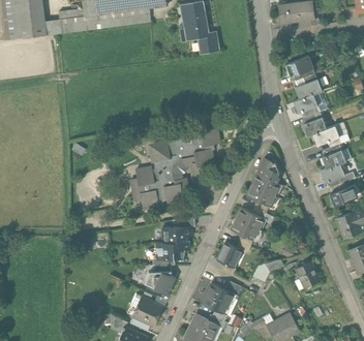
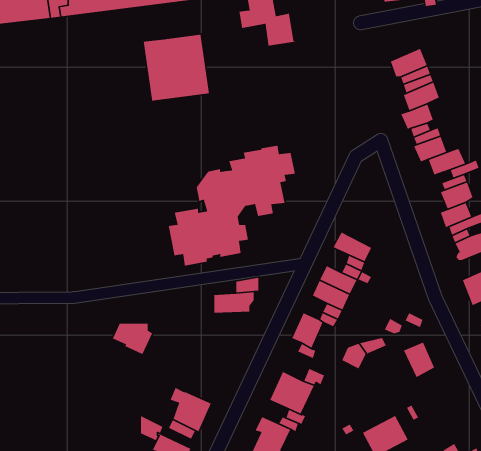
building: none -> [143,34,210,101]
building: [252,157,279,195] -> none
building: [157,241,188,257] -> none
building: [145,271,174,293] -> [112,323,153,355]

